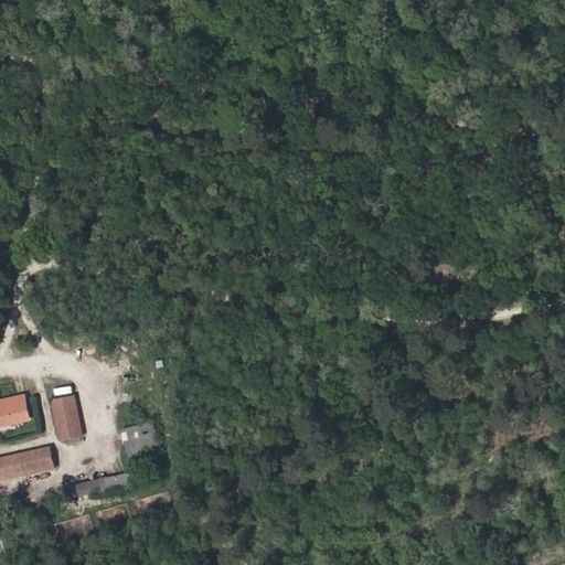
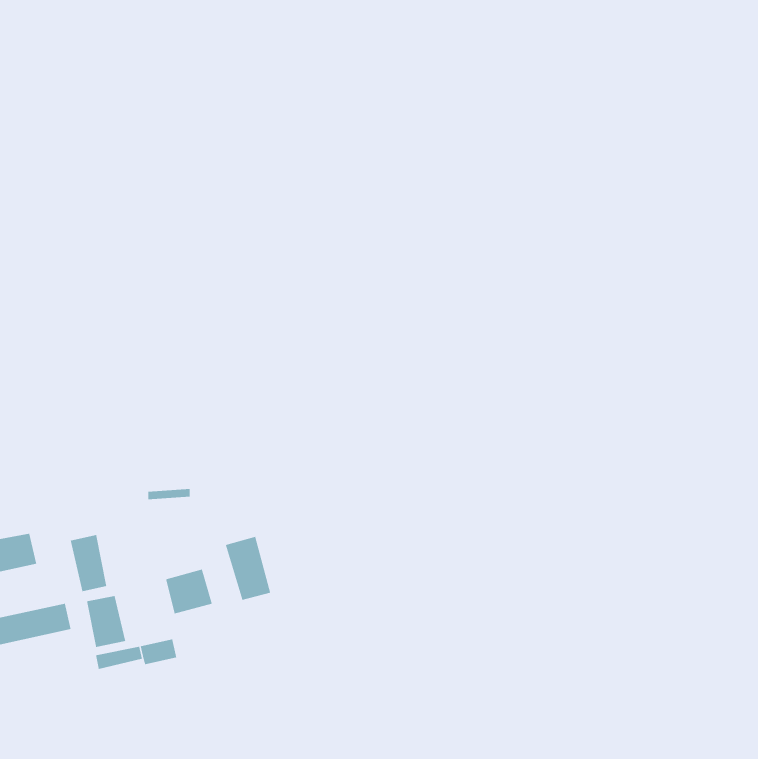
building: none -> [225,536,271,601]
building: none -> [86,595,126,648]

